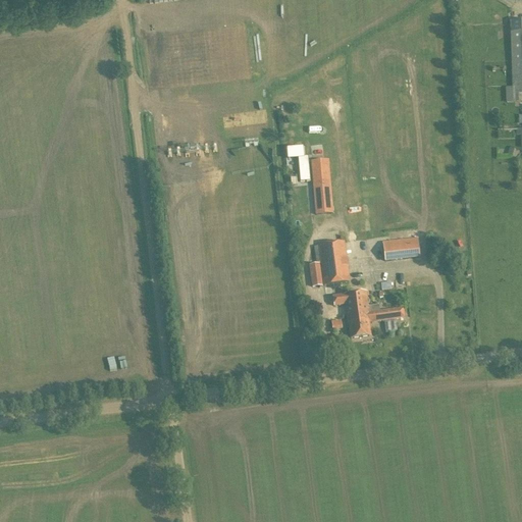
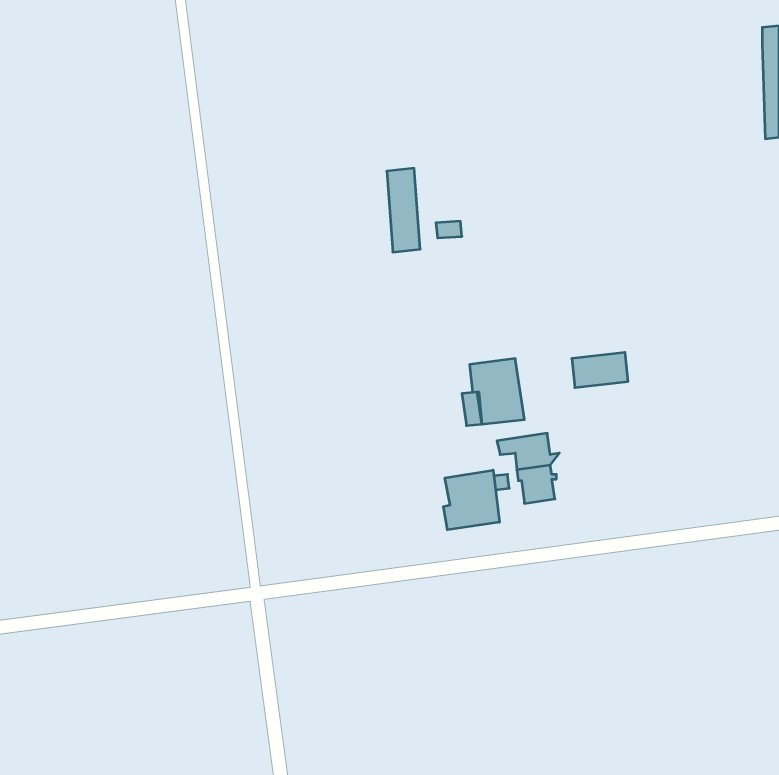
building: [311,157,333,213] -> [387,168,420,252]
building: [368,303,405,320] -> none
building: none -> [443,470,499,530]

